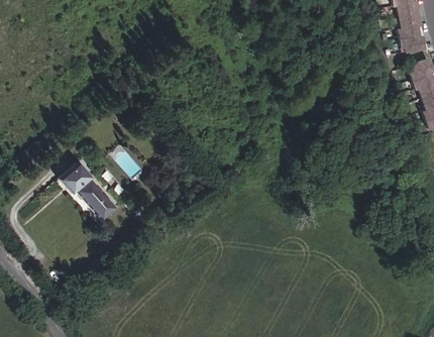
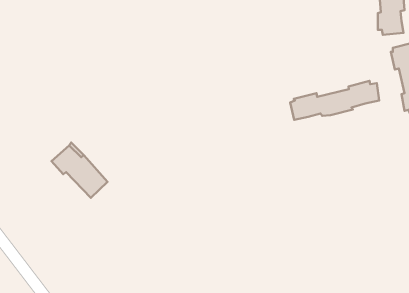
building: none -> [290,81,379,120]

